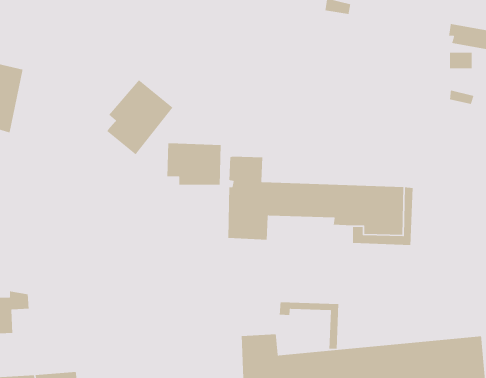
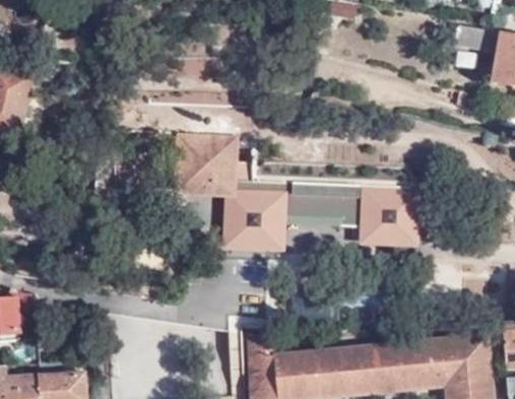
building: [106,79,174,155] -> none
building: none -> [174,134,339,252]
building: [279,302,339,350] -> none

